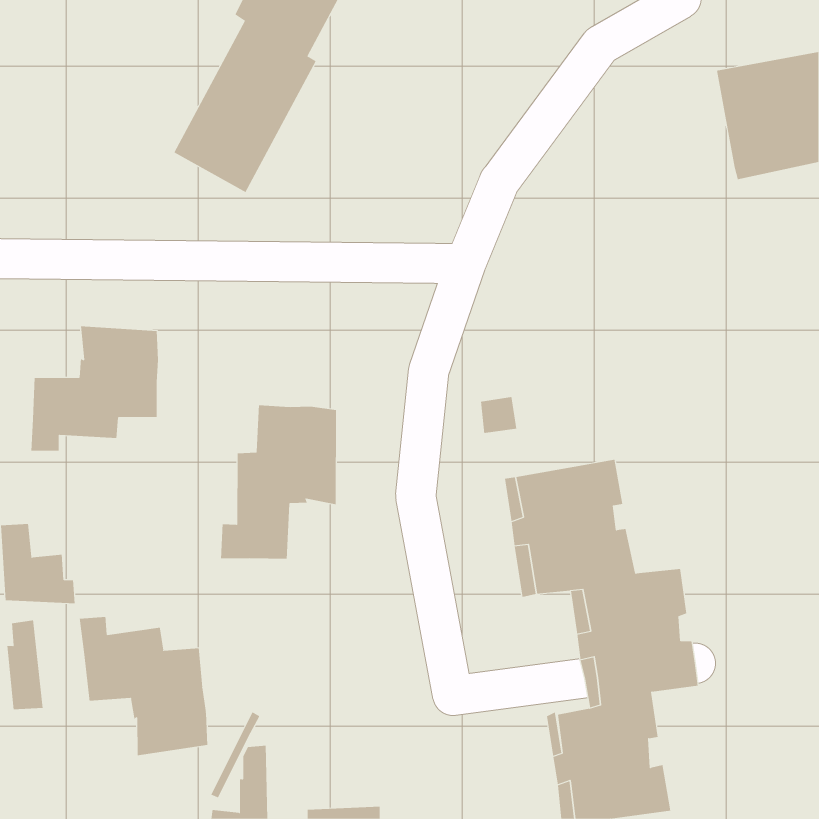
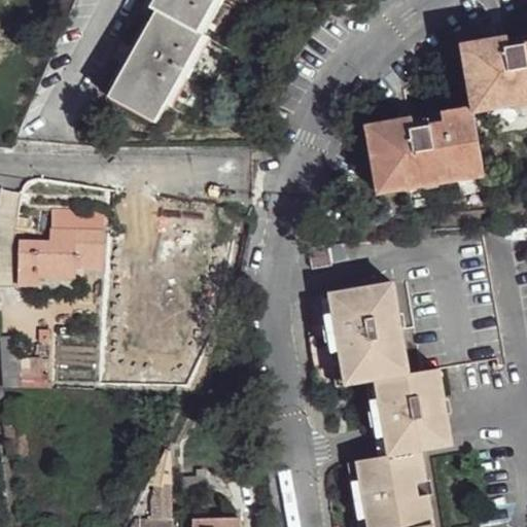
building: none -> [363,107,483,195]
building: [221,404,337,559] -> none
building: [79,616,208,756] -> none

